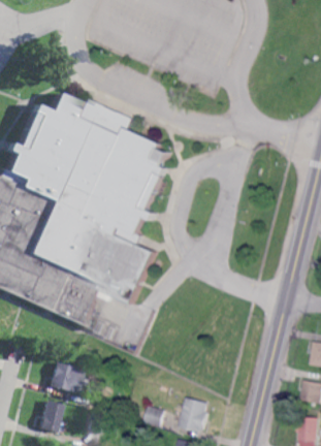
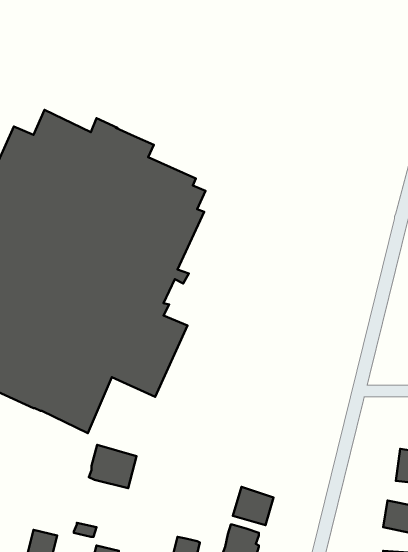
building: [45,361,81,393] -> [89,445,136,488]
building: none -> [233,487,274,525]

